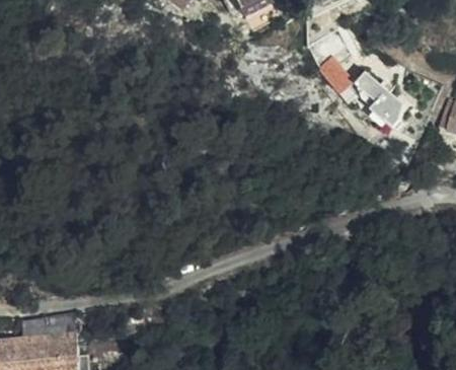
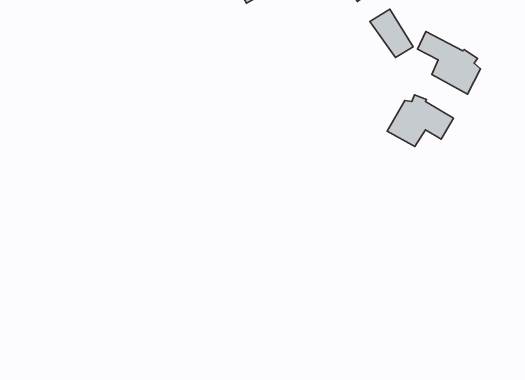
building: none -> [387,95,454,147]

